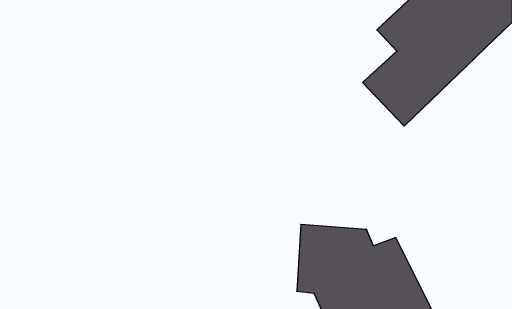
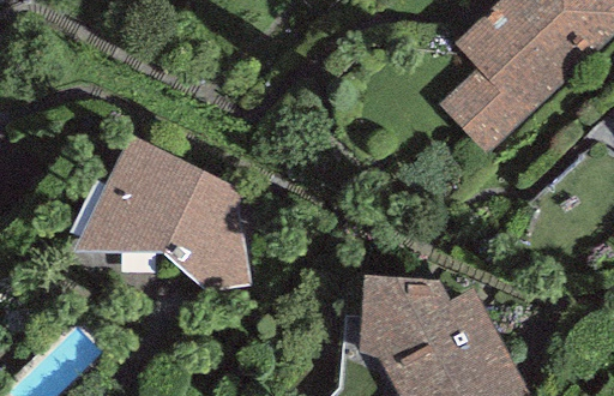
building: none -> [71,133,248,289]

